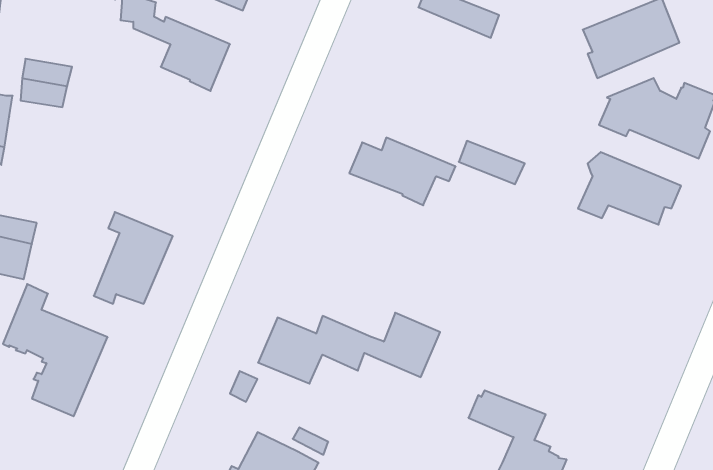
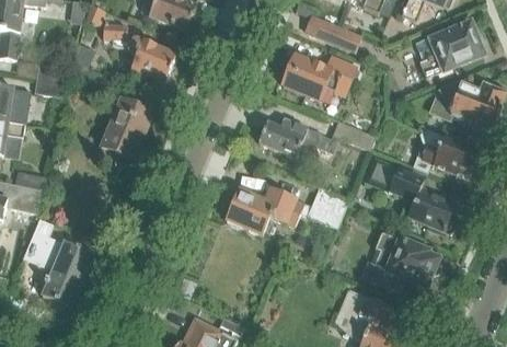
building: none -> [281,54,356,99]
building: none -> [365,157,456,233]
building: [94,212,173,304] -> [99,95,152,158]
building: none -> [366,231,440,288]
building: [258,313,440,384] -> [226,185,349,233]

